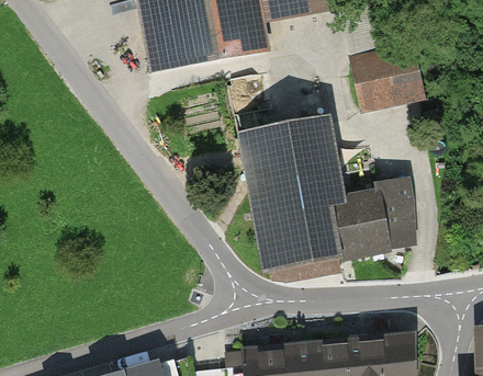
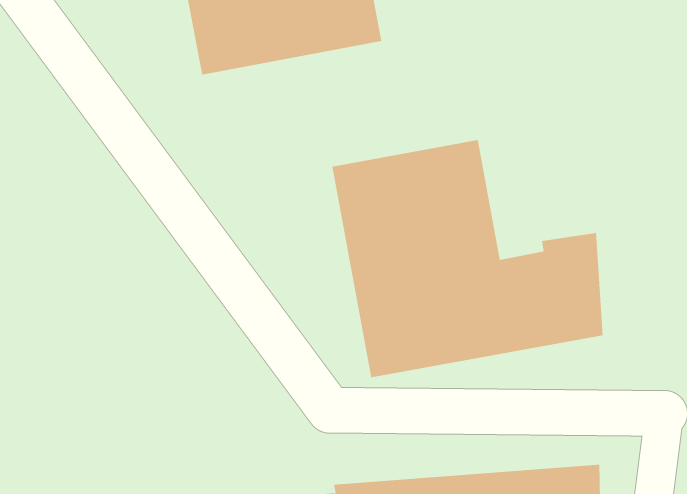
building: [349,42,424,112] -> none

